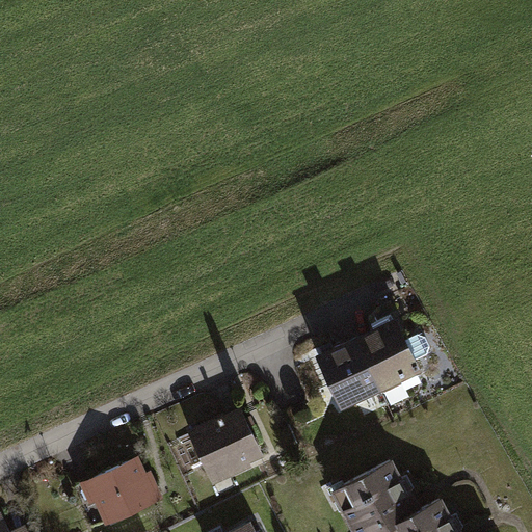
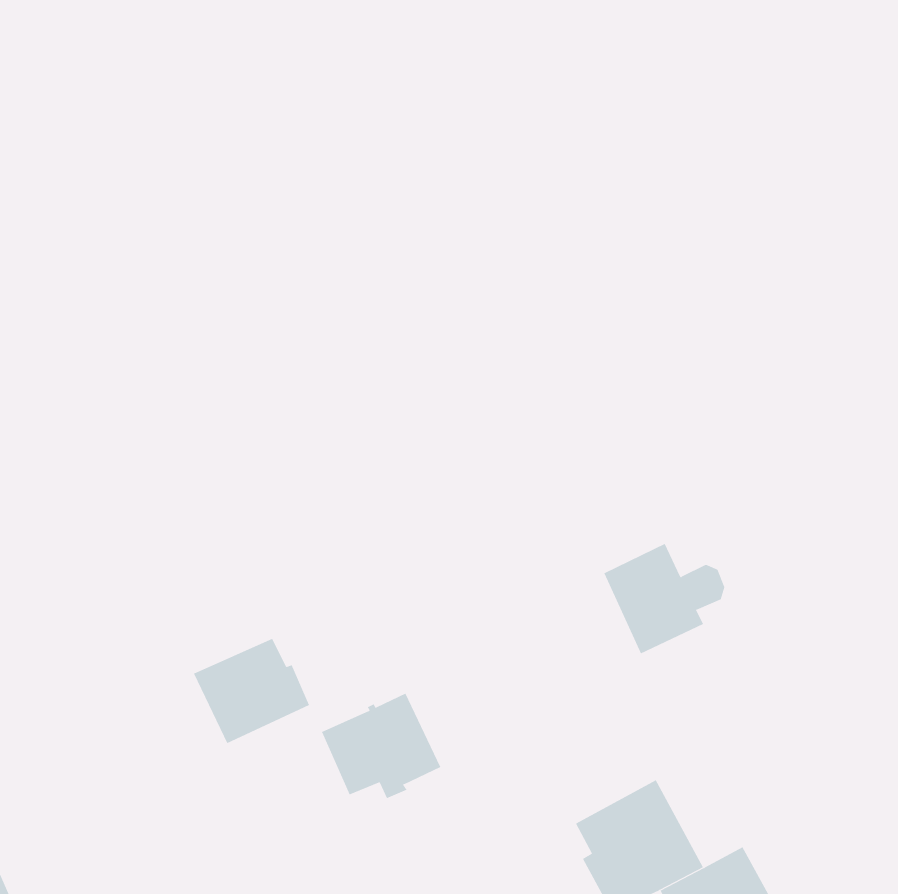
building: [318,342,377,406] -> none
building: [87,461,156,524] -> [193,638,310,744]

